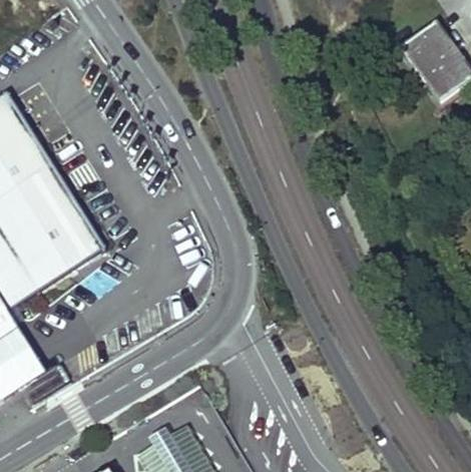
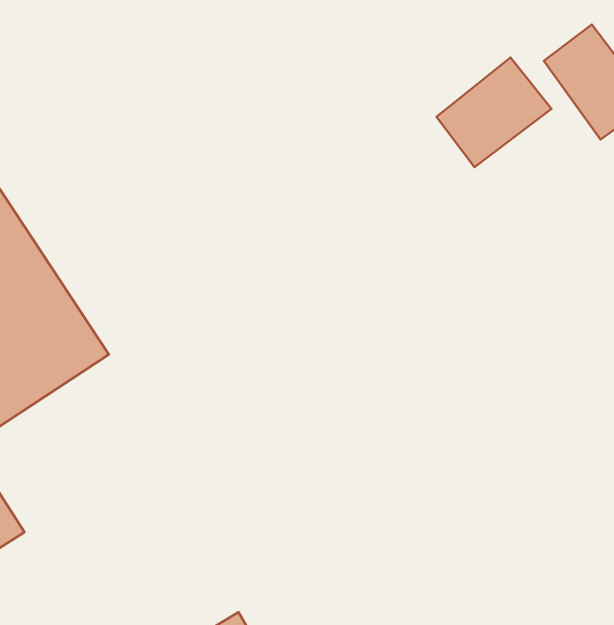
building: none -> [436,58,552,167]

